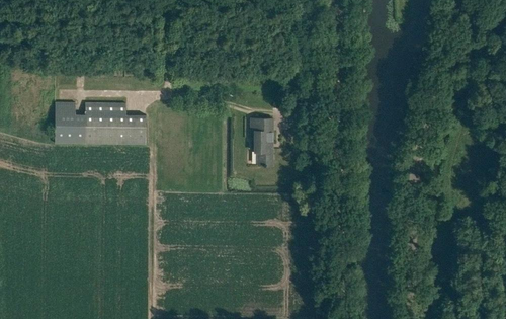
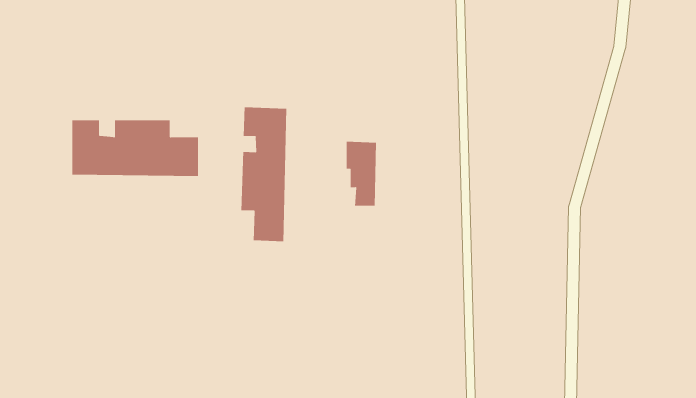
building: none -> [241,107,287,242]

